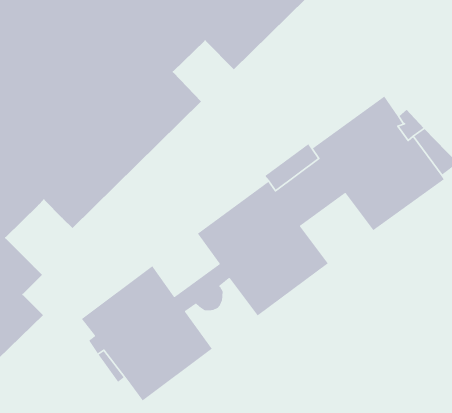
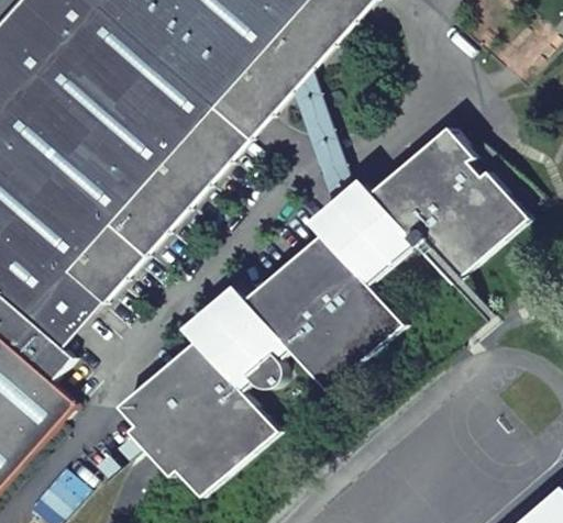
building: none -> [205,77,274,145]
building: none -> [25,278,101,348]
building: none -> [190,291,272,371]

